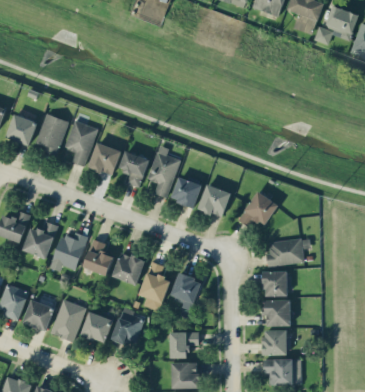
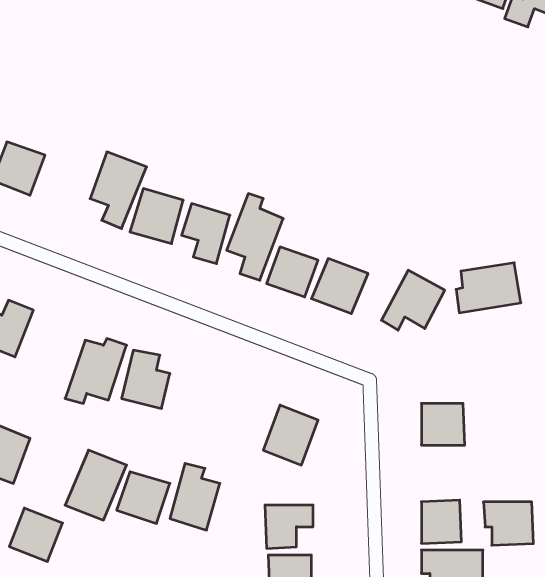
building: [35,113,68,156] -> none
building: [22,221,57,259] -> none
building: [265,237,304,267] -> [456,263,521,313]
building: [111,251,145,285] -> none
building: [139,261,170,311] -> none
building: [22,299,54,331] -> [9,508,63,561]
building: [261,300,291,326] -> [483,502,533,545]

